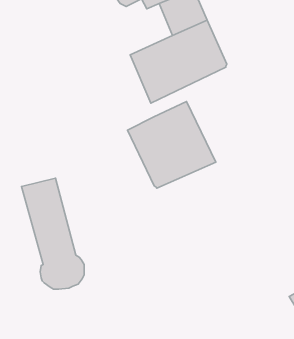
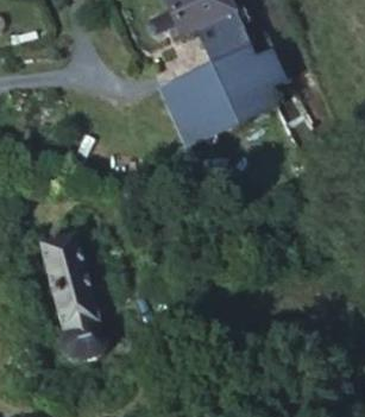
building: [127,102,216,188] -> none

